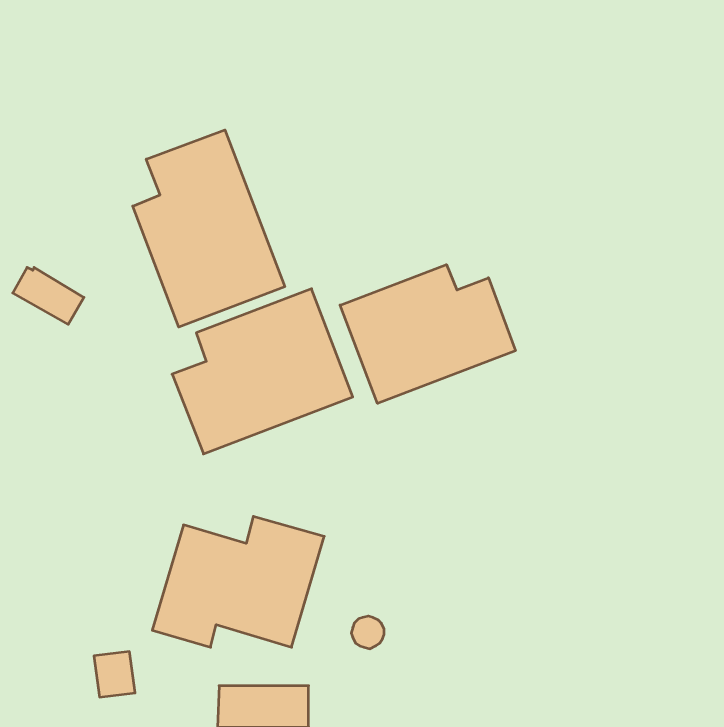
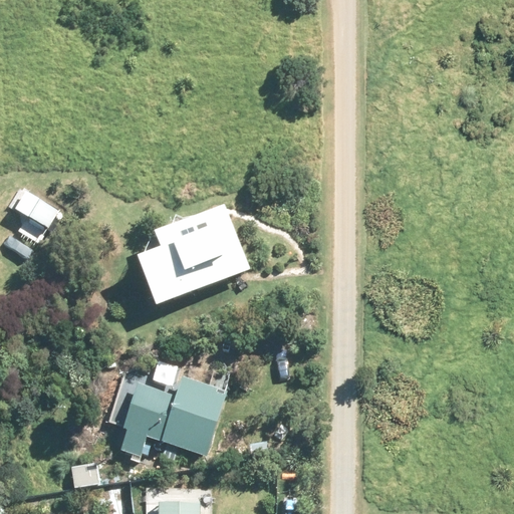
building: [133,130,285,327] -> none
building: [340,265,515,403] -> none

